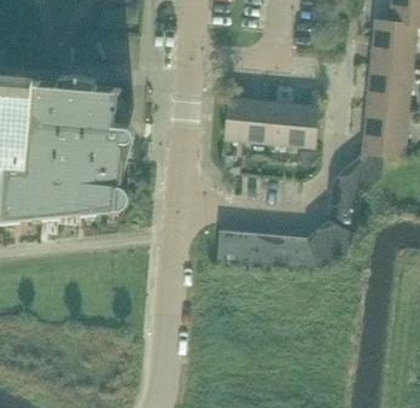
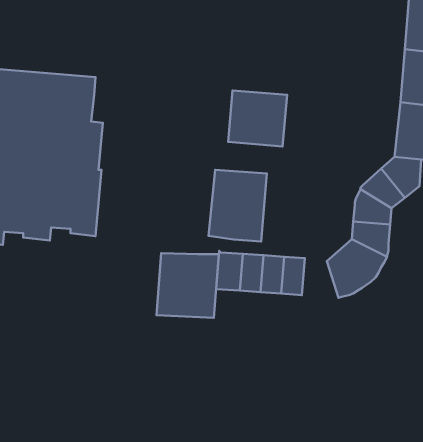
building: [270,100,319,147] -> none
building: none -> [208,170,267,241]
building: none -> [156,253,219,318]
building: [286,234,316,267] -> none

